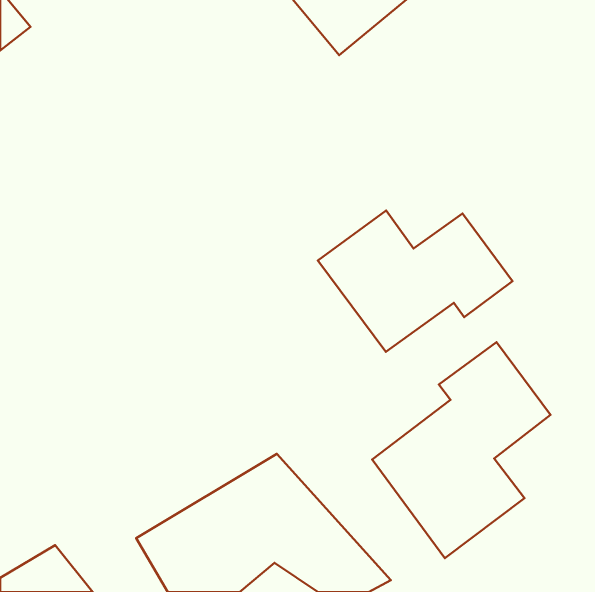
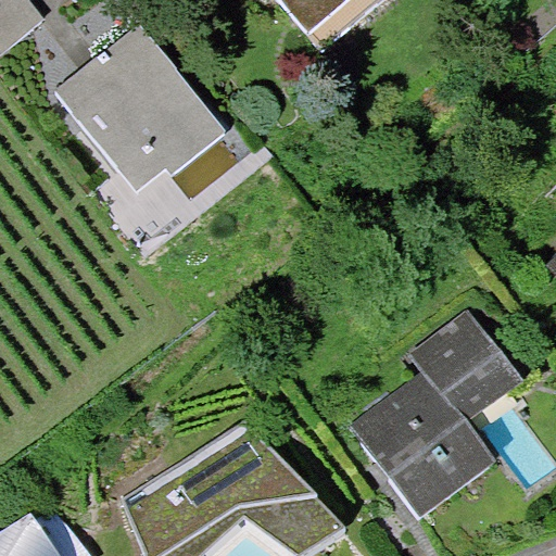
building: none -> [55,26,220,195]
building: [318,211,513,352] -> none

